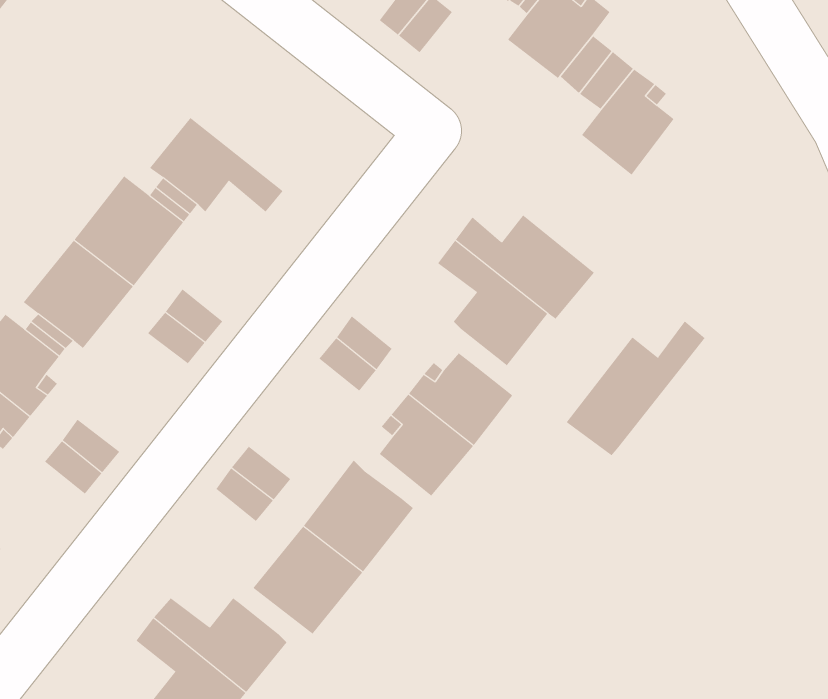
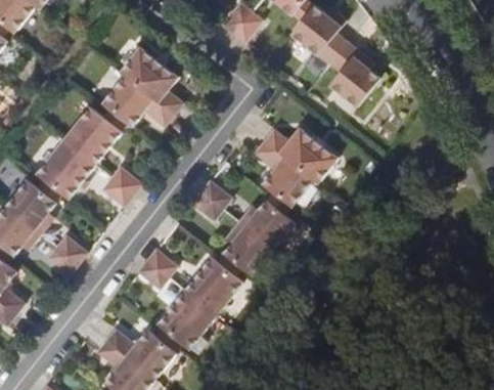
building: none -> [121,46,183,115]
building: [566,320,706,456] -> none

